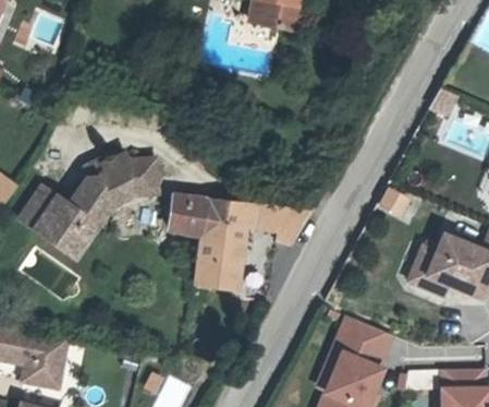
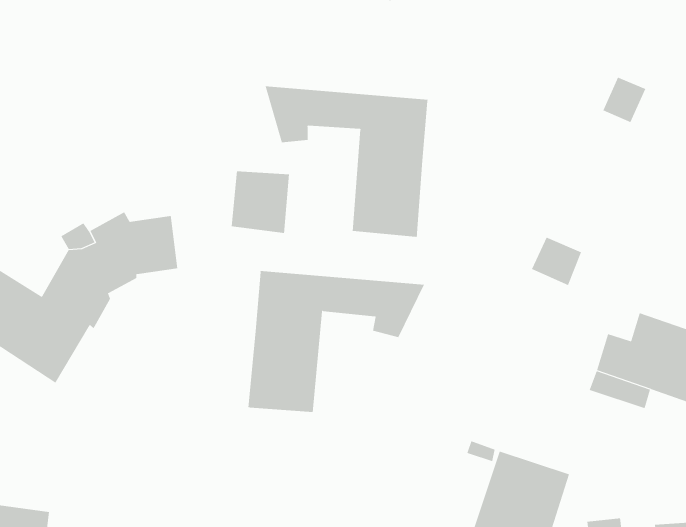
building: none -> [265,86,428,238]
building: [168,192,207,234] -> [231,171,290,233]

